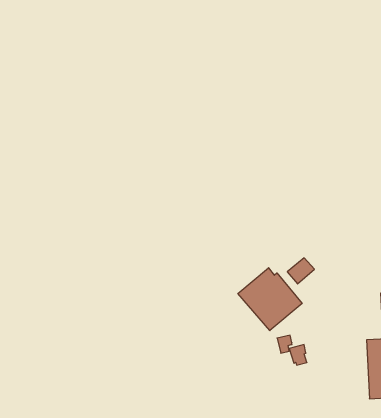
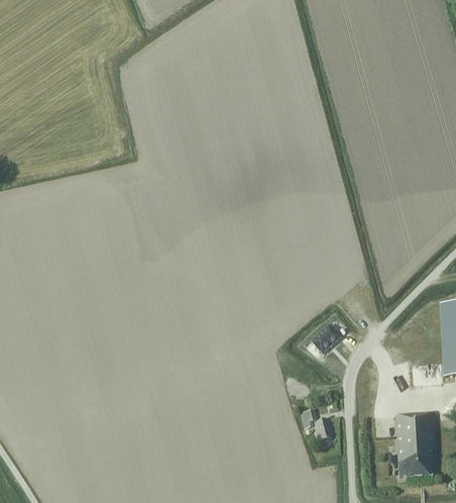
building: [238,268,302,331] -> none

